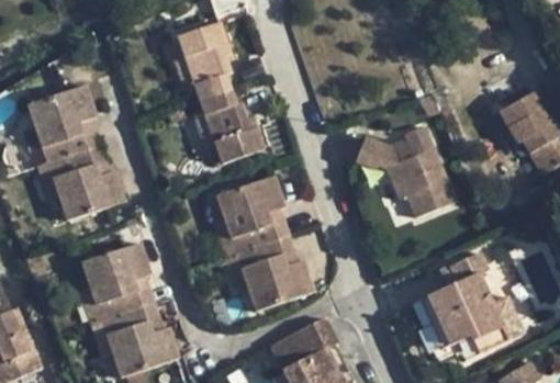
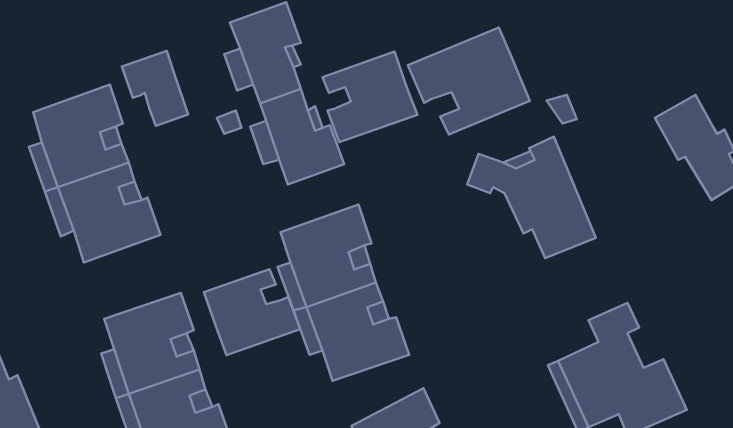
building: none -> [408,27,530,134]
building: none -> [122,51,188,126]
building: none -> [323,51,417,142]
building: none -> [204,269,300,355]

